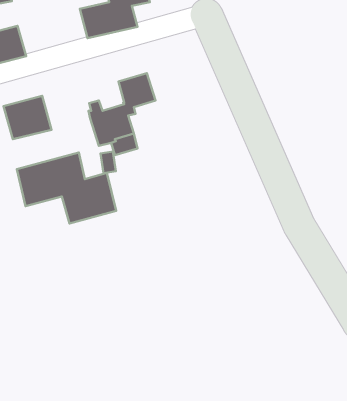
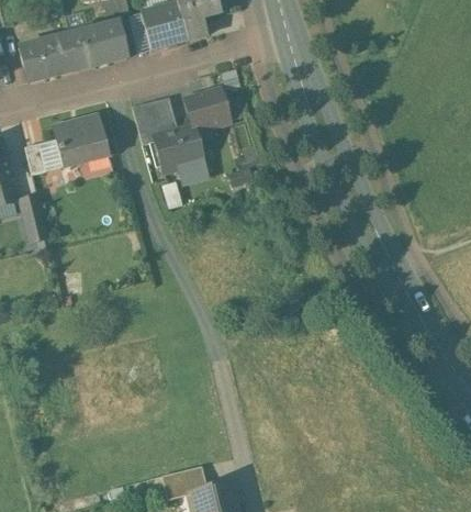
building: none -> [68,20,127,68]
building: none -> [132,99,162,144]
building: [17,152,116,224] -> none

